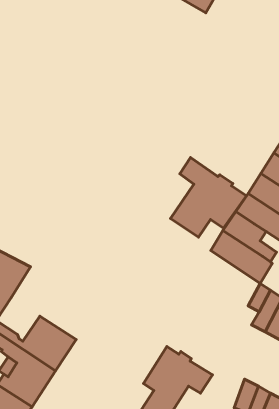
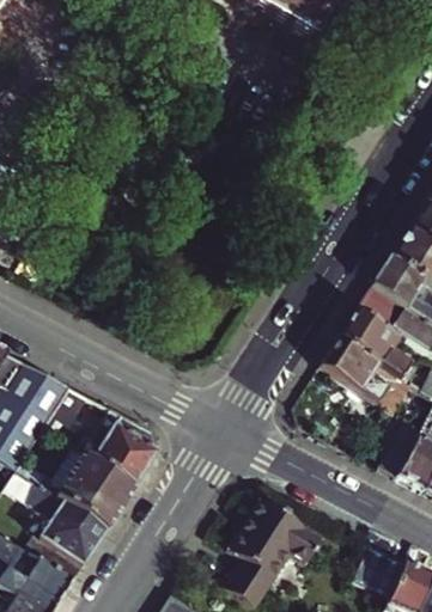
building: [170,157,246,237] -> none
building: none -> [45,386,160,486]

